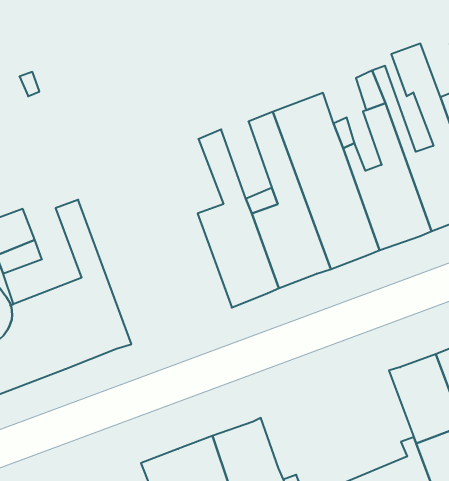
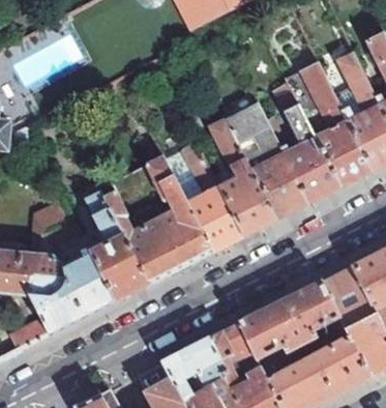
building: none -> [99,158,210,285]
building: none -> [238,283,342,356]

